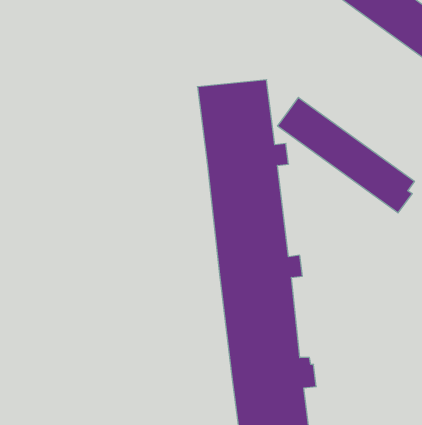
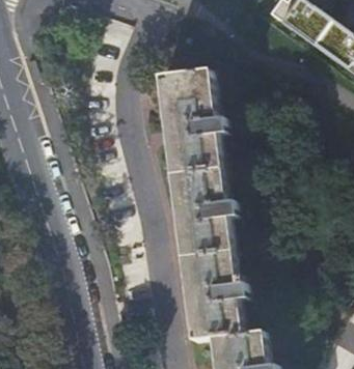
building: [278,97,414,213] -> none

